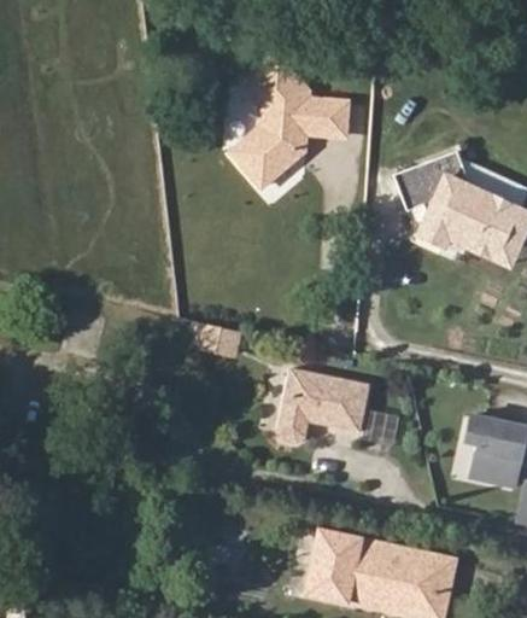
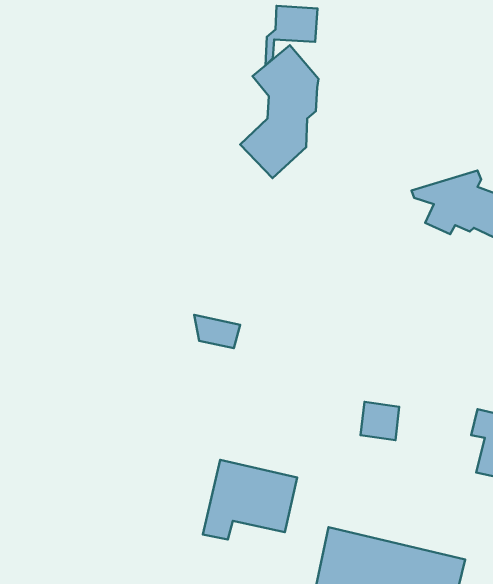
building: [305,101,356,159] -> [265,6,318,66]
building: [398,153,472,202] -> none
building: [270,365,362,442] -> [203,460,297,539]

